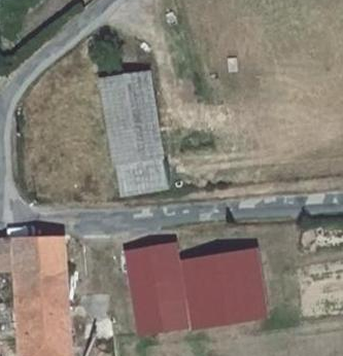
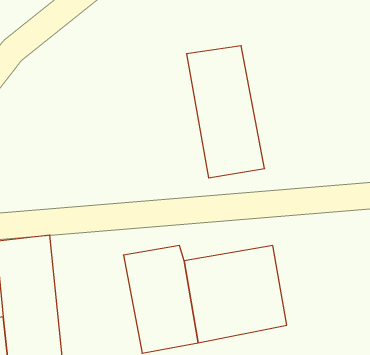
building: [102,75,171,191] -> [186,46,265,178]

